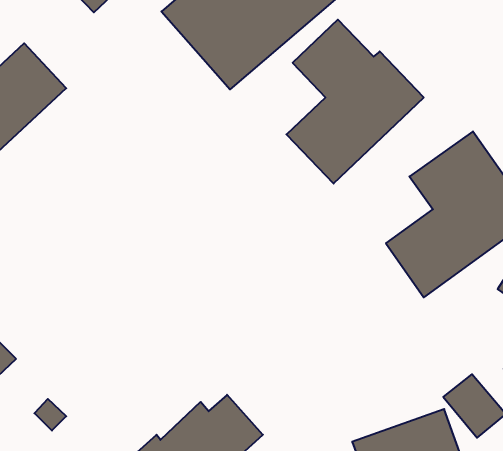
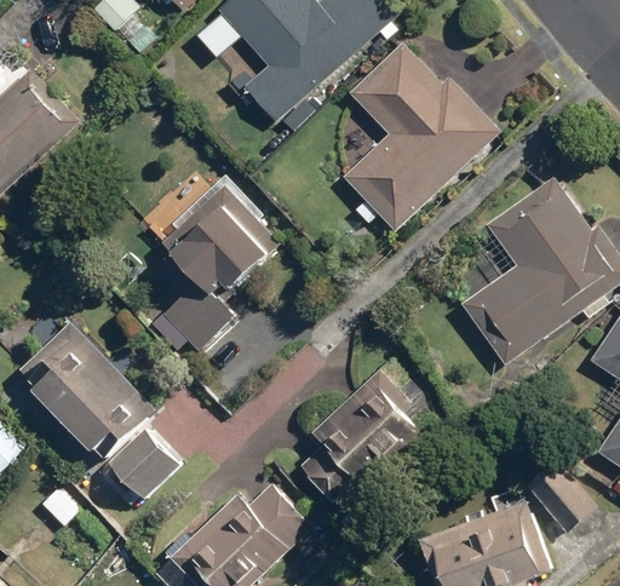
building: none -> [153,178,287,350]
building: none -> [12,320,156,464]
building: none -> [298,368,434,512]
building: none -> [107,427,182,501]

